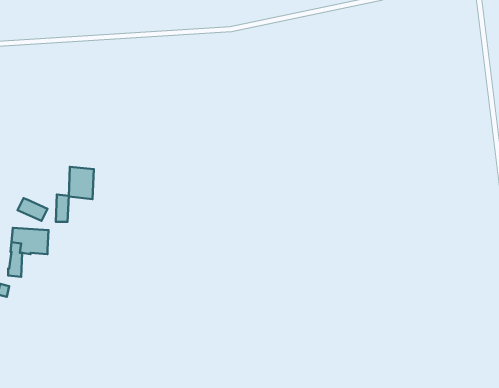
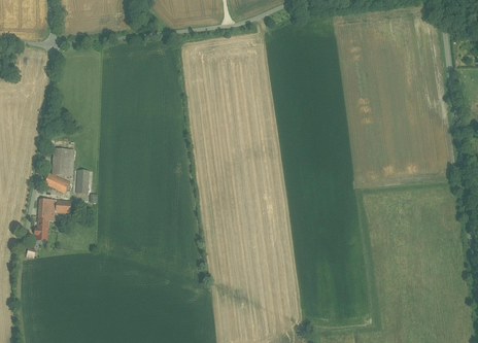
building: [69,167,94,199] -> [52,147,73,175]

